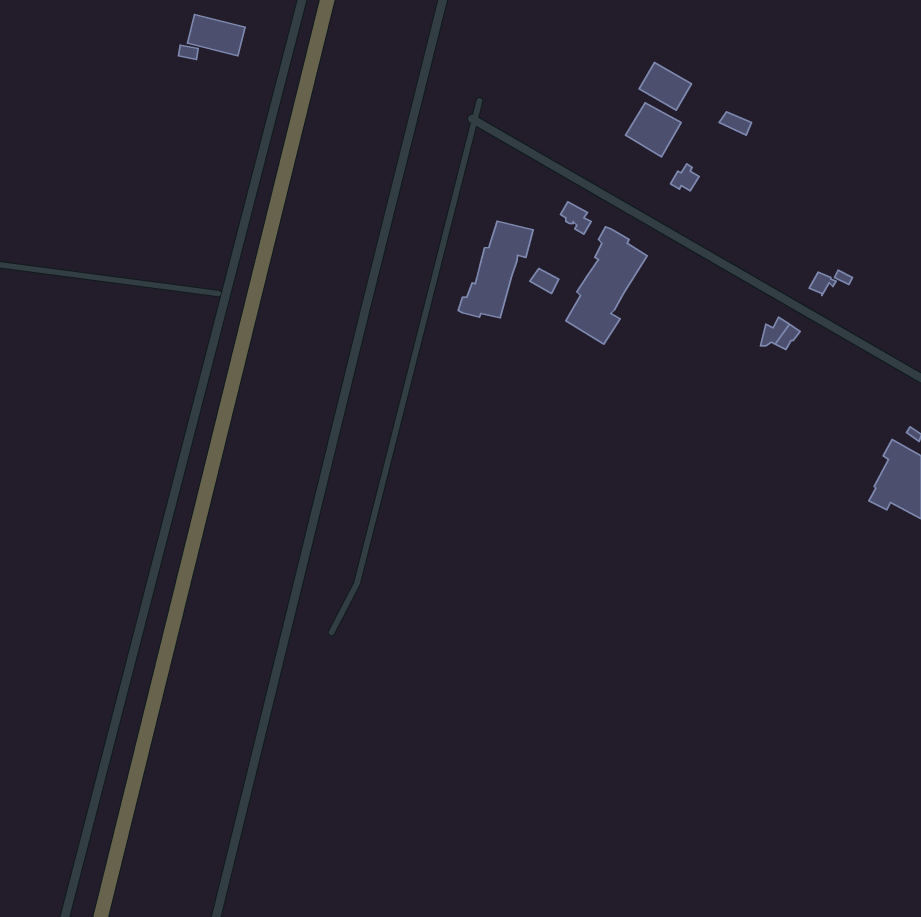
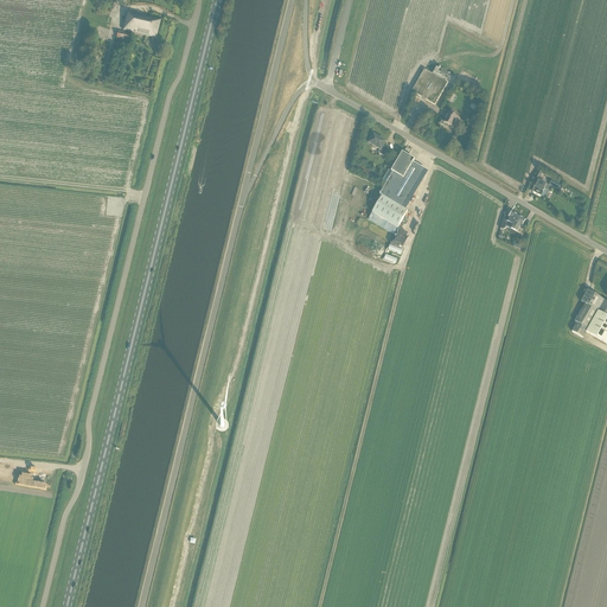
building: [639,62,691,110] -> none
building: [458,221,533,318] -> none

